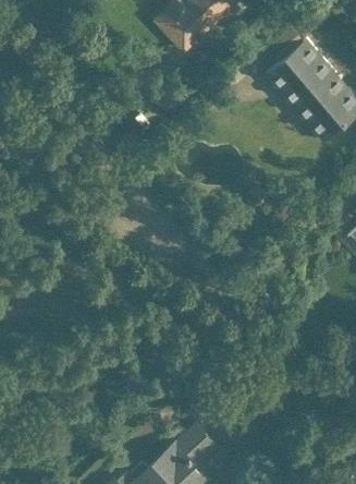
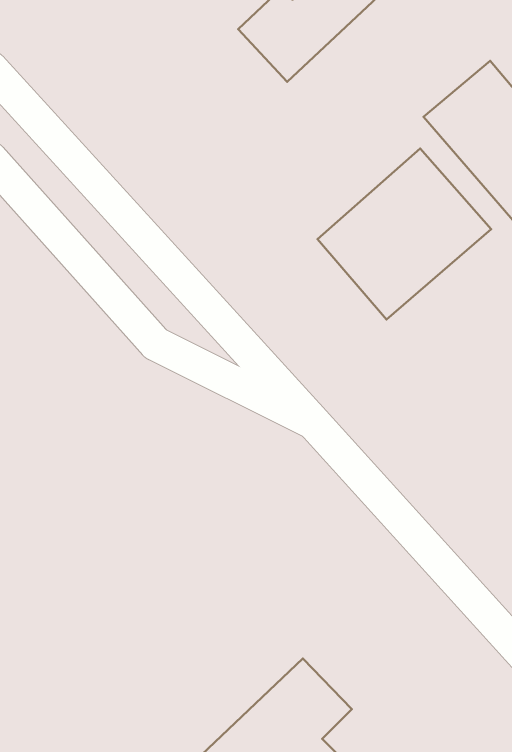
building: none -> [317,148,491,319]

